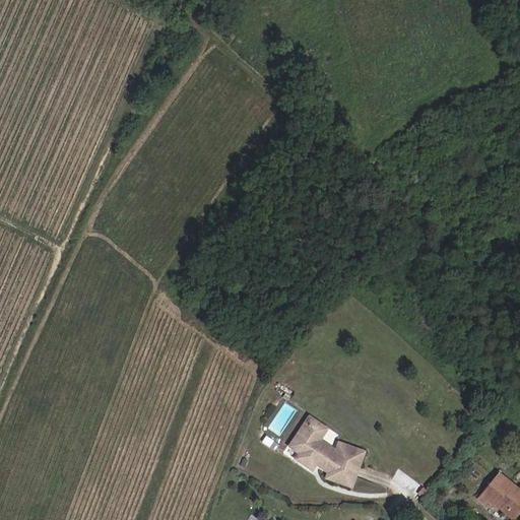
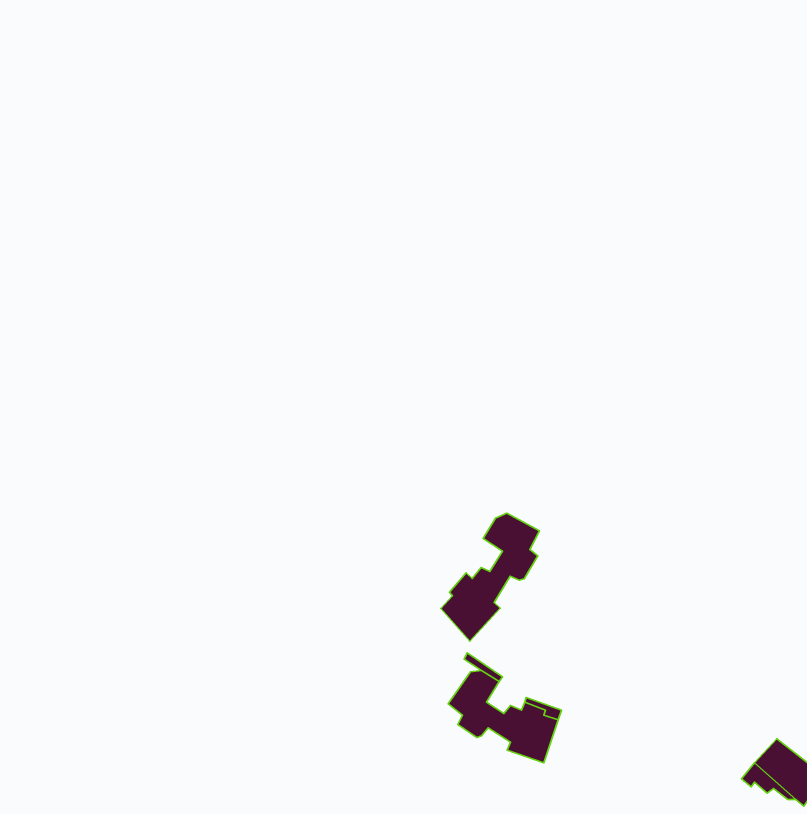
building: none -> [441,513,539,641]

